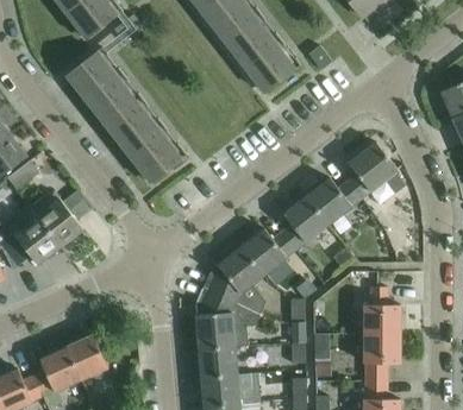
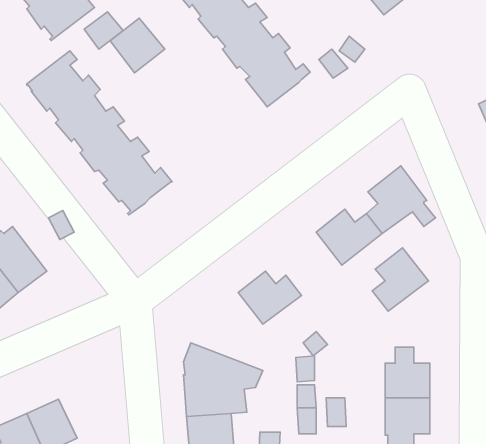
building: none -> [110,18,165,73]
building: [281,197,327,250] -> [372,248,428,311]
building: [202,247,267,311] -> none

